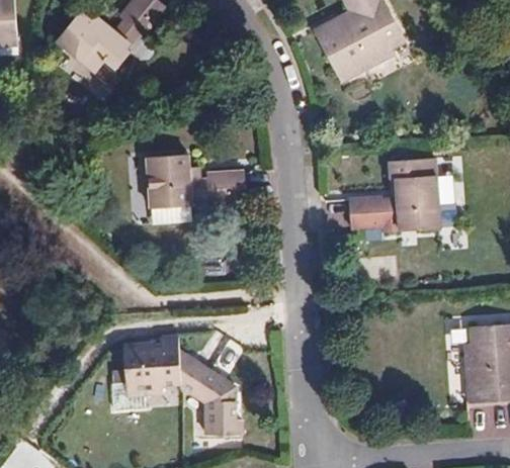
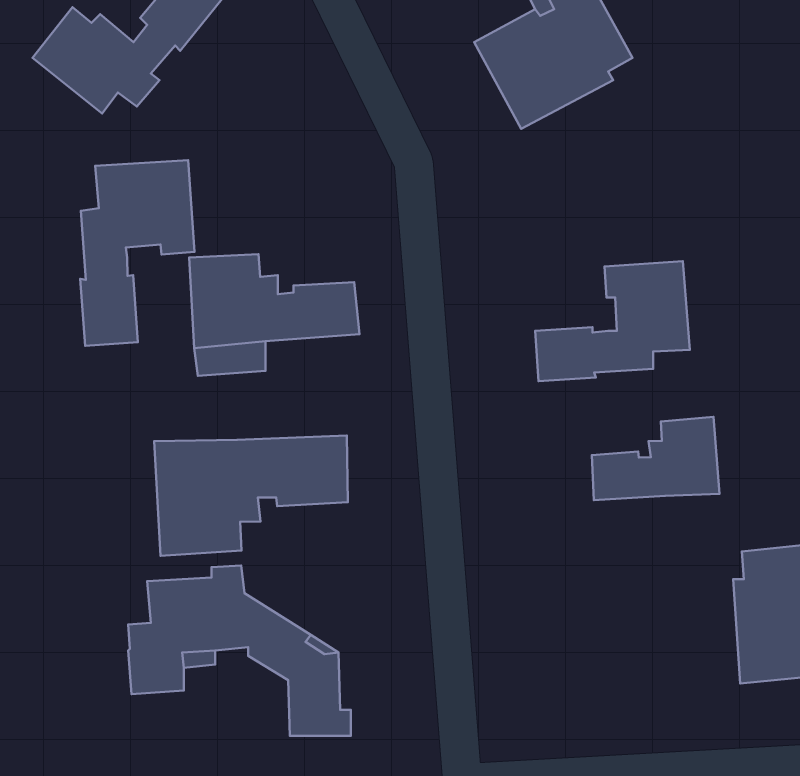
building: none -> [80,160,194,346]
building: none -> [592,417,719,500]
building: none -> [154,436,348,556]

